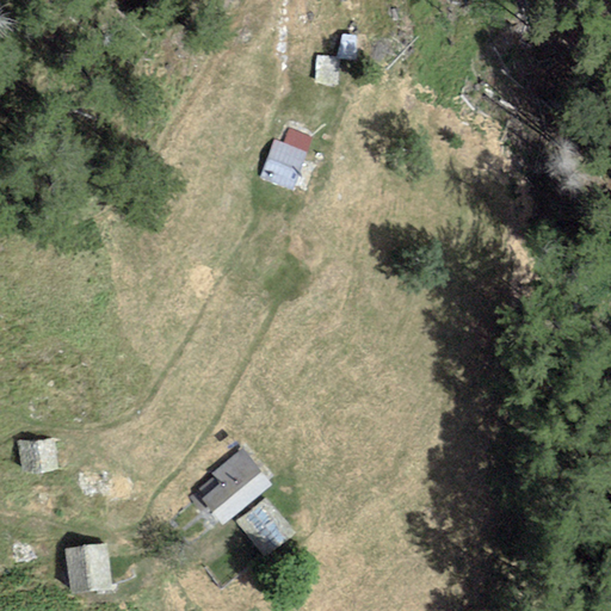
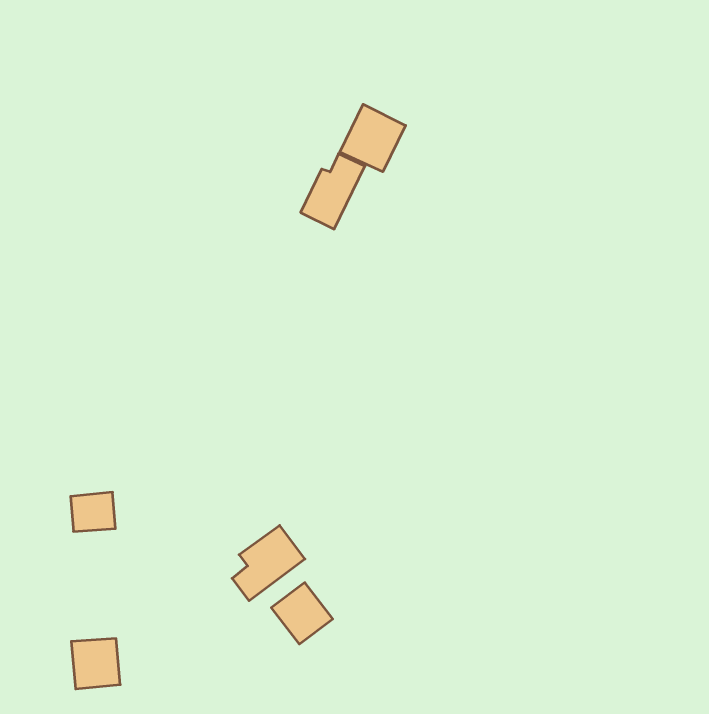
building: none -> [340,104,406,172]
building: [20,437,58,470] -> [71,492,115,531]

